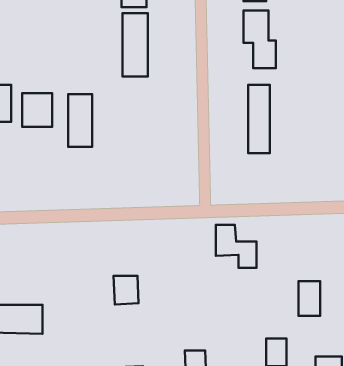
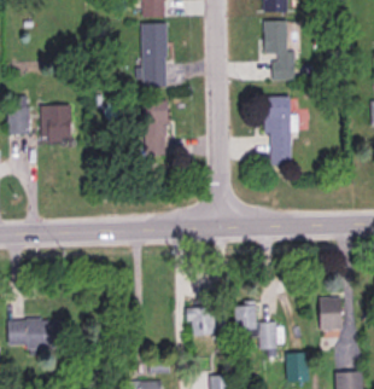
building: [68,94,92,147] -> [144,101,168,155]
building: [216,225,256,268] -> [235,304,276,348]
building: [114,276,139,304] -> [186,301,211,330]

